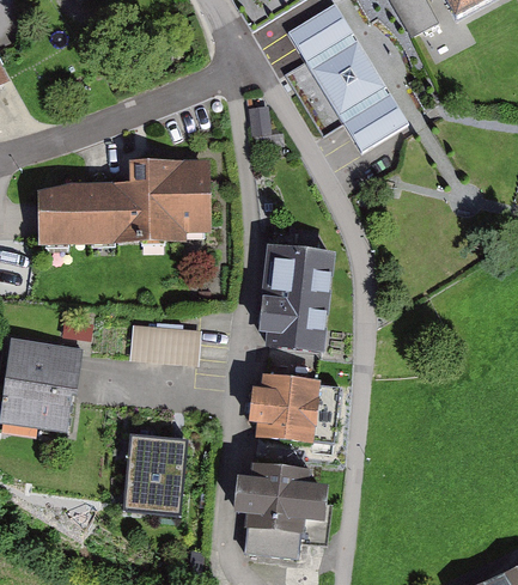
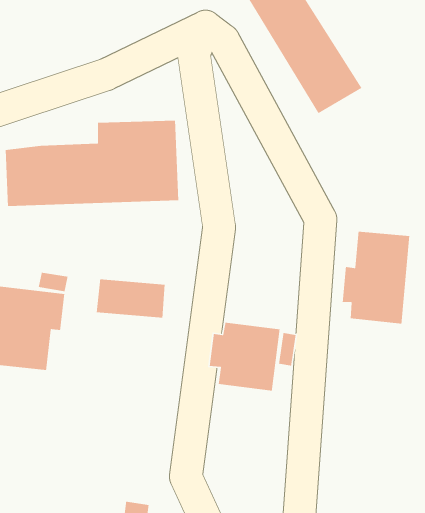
building: [258,246,330,345] -> [342,231,410,324]
building: [121,433,189,508] -> none
building: [237,462,324,560] -> none

